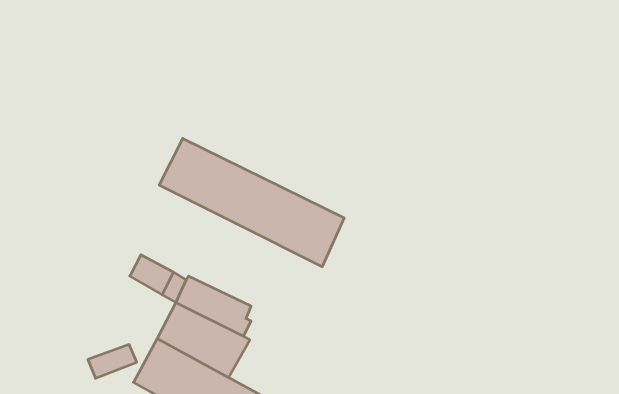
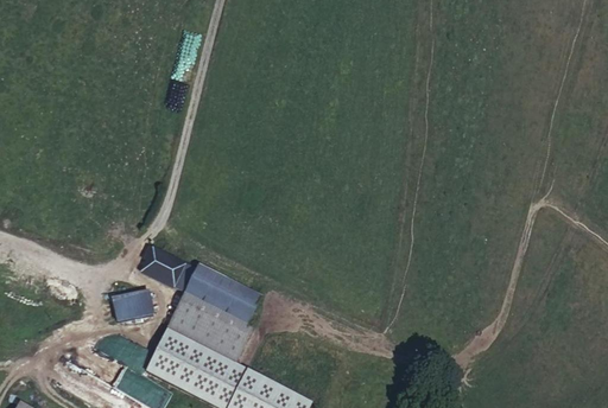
building: [159,138,344,267] -> none
building: [88,345,137,378] -> [116,288,163,320]

